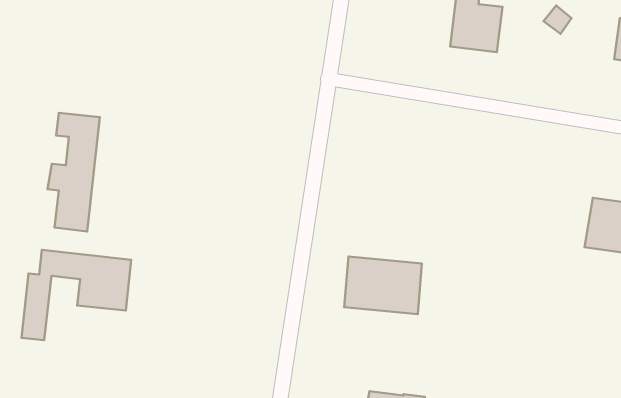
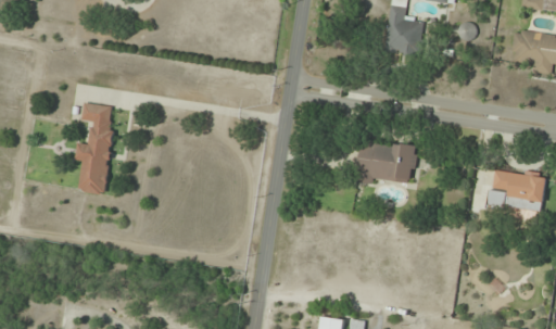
building: [22,250,131,340] -> none
building: [344,256,422,314] -> [356,139,416,184]

